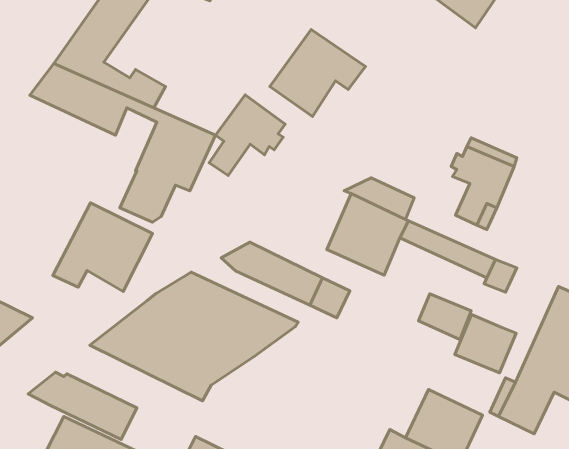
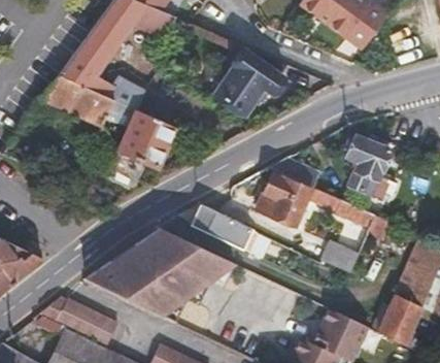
building: [209,95,285,176] -> none
building: [53,203,153,291] -> none
building: [455,315,516,373] -> none

